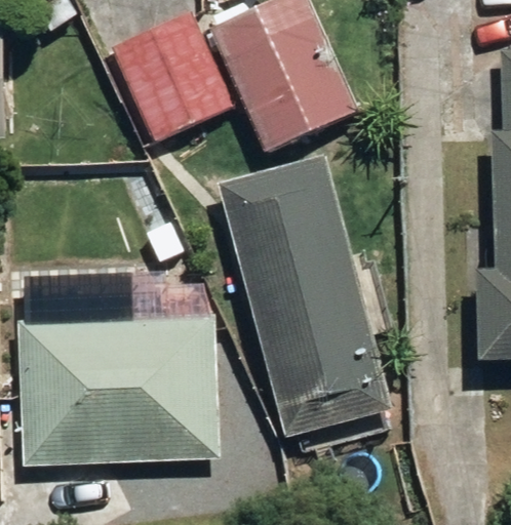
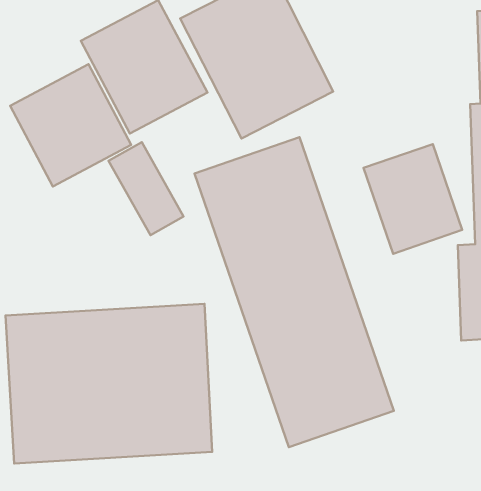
building: none -> [10,64,131,187]
building: none -> [364,144,462,254]

